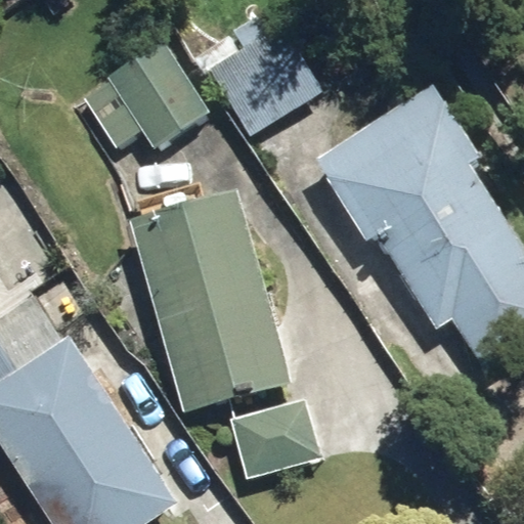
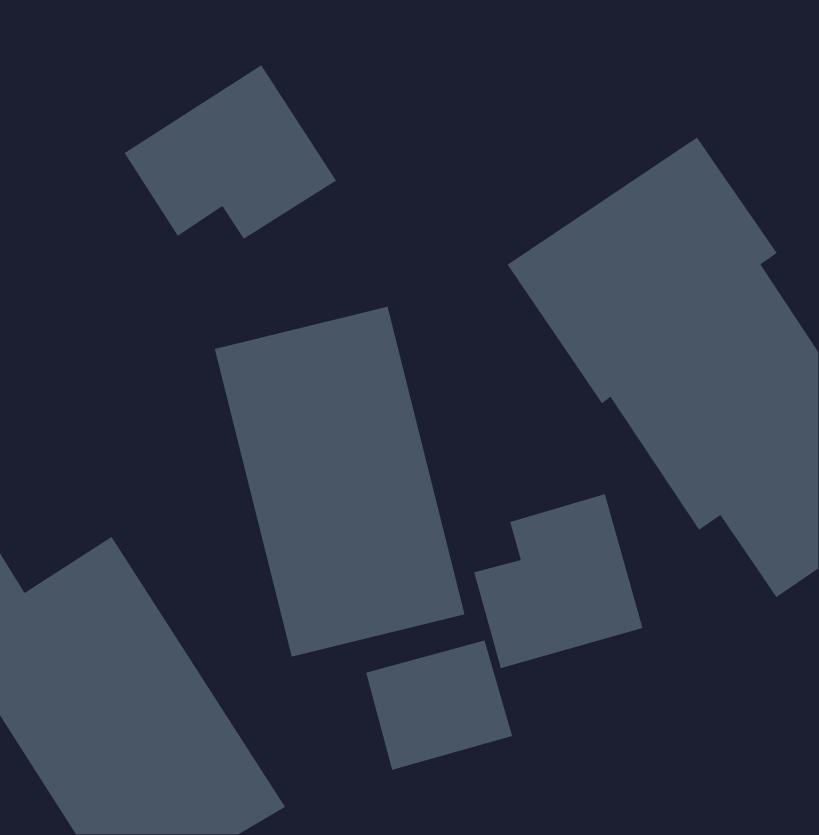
building: [194,5,320,136] -> none
building: none -> [473,493,643,669]

